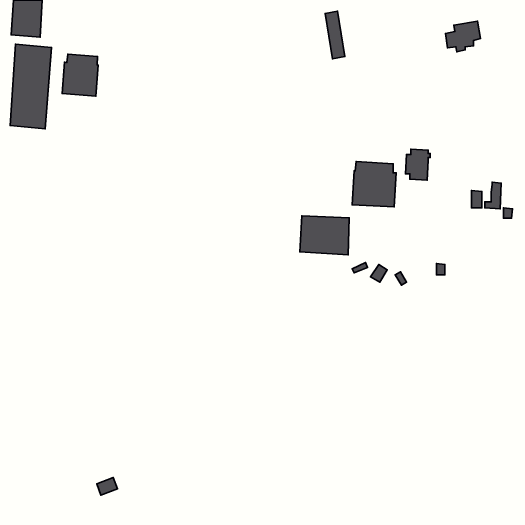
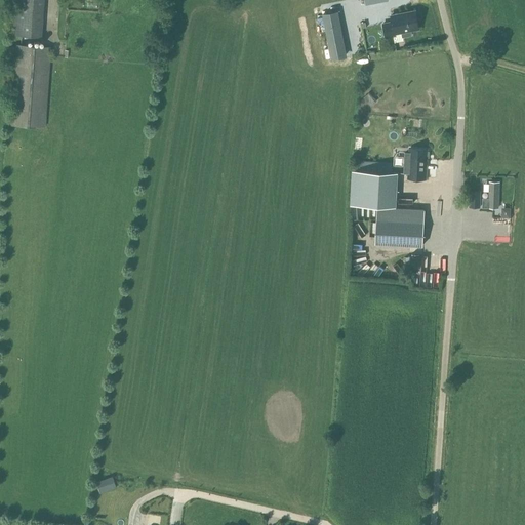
building: [446,21,481,52] -> [385,12,419,43]
building: [62,54,98,96] -> none
building: [300,216,349,255] -> [376,208,426,247]

